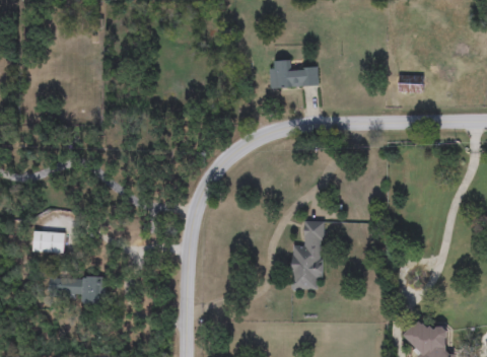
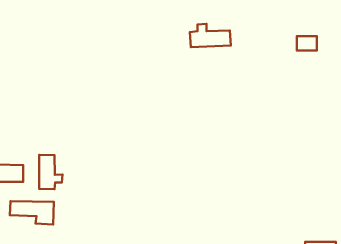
building: none -> [39,155,62,189]
building: [291,221,324,290] -> none

